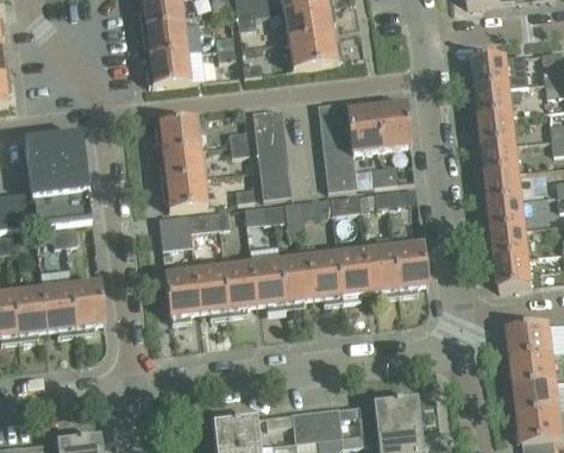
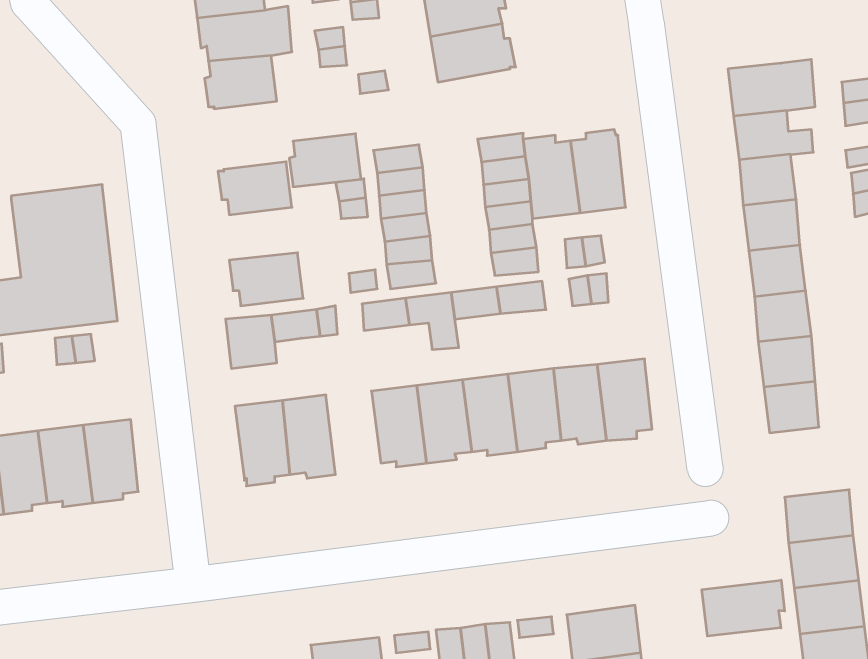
building: [158,146,203,180] -> [289,134,361,187]
building: [221,262,256,314] -> none
building: none -> [702,580,785,636]

